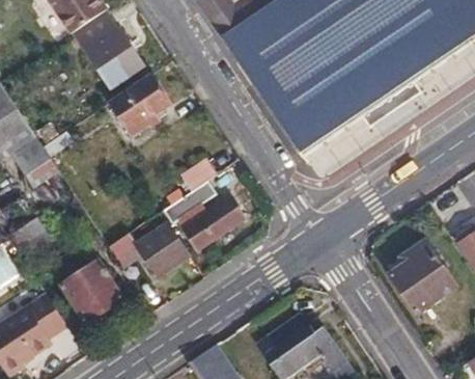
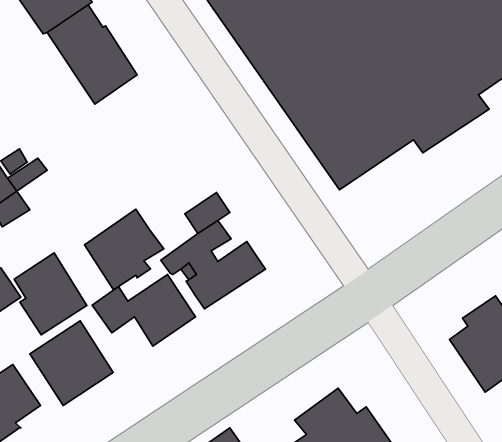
building: [108,74,170,137] -> [84,209,164,290]
building: none -> [14,253,87,335]

